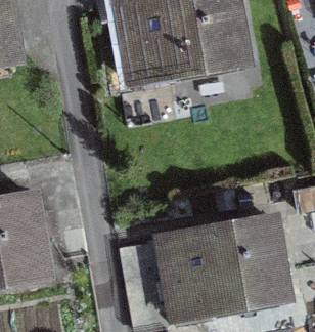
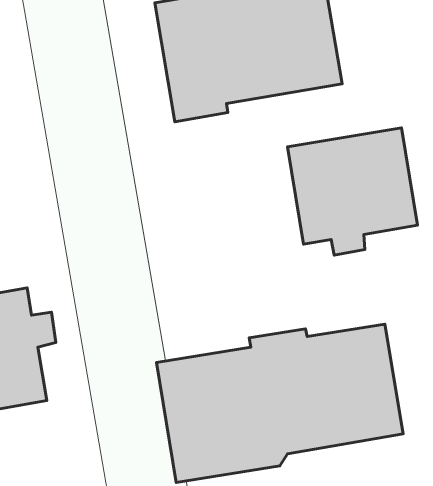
building: none -> [288,128,418,255]

